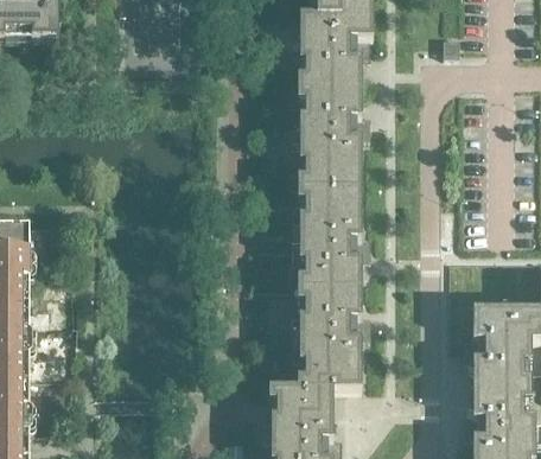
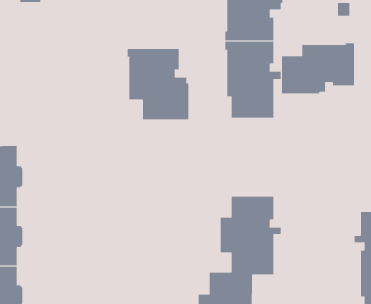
building: none -> [281,43,355,94]
building: none -> [127,48,189,120]
building: [291,187,370,288] -> none

